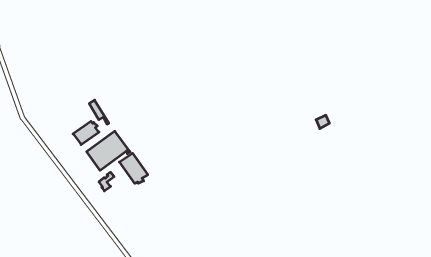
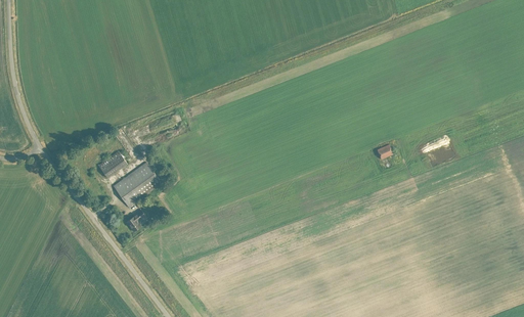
building: [119,153,148,183] -> none

